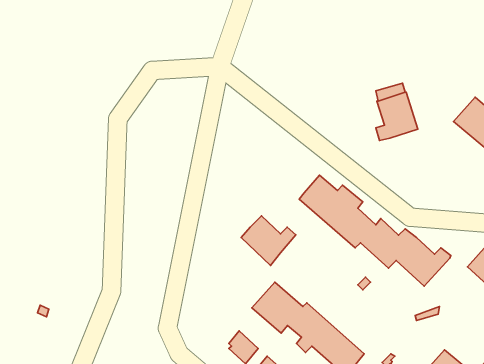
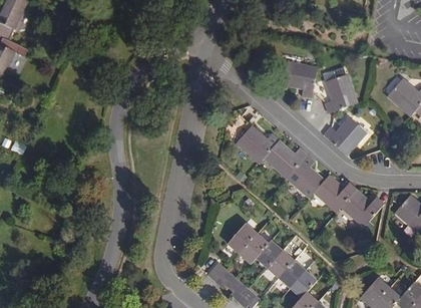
building: none -> [283,61,318,97]
building: none -> [324,117,367,156]
building: [241,216,296,266] -> [238,124,281,164]

